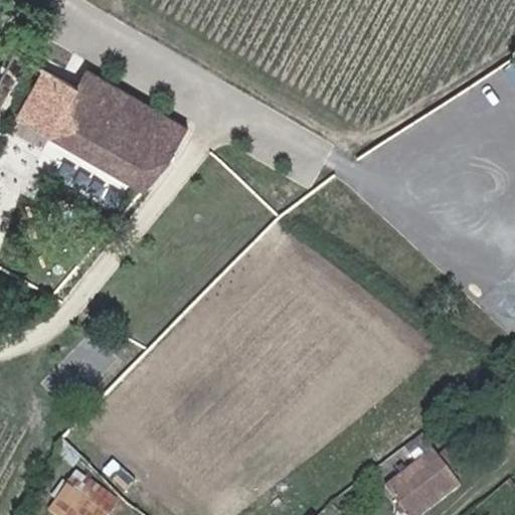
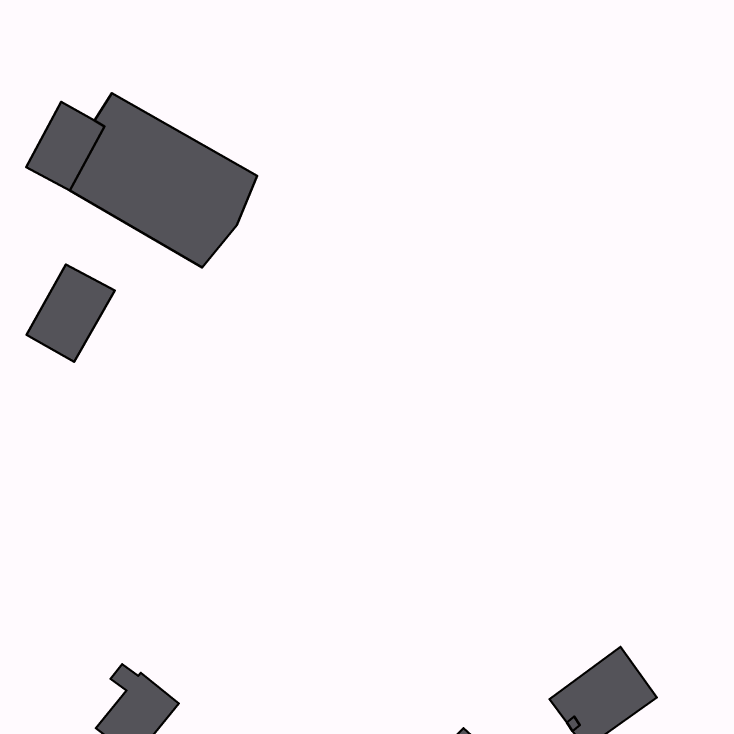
building: none -> [27,264,115,362]

